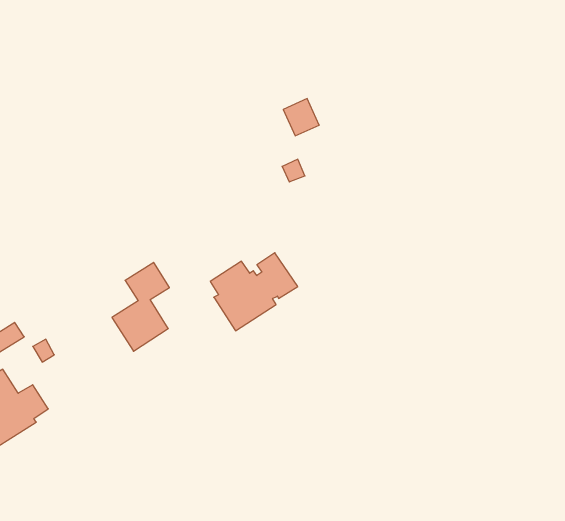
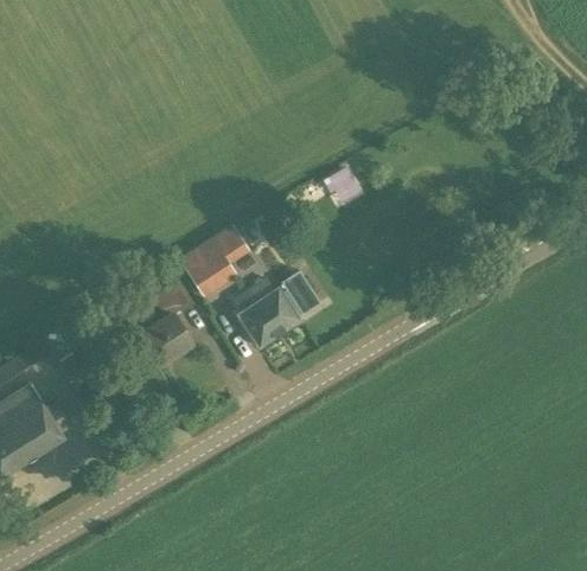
building: [283,99,319,136] -> [326,165,362,201]
building: none -> [180,224,251,297]

